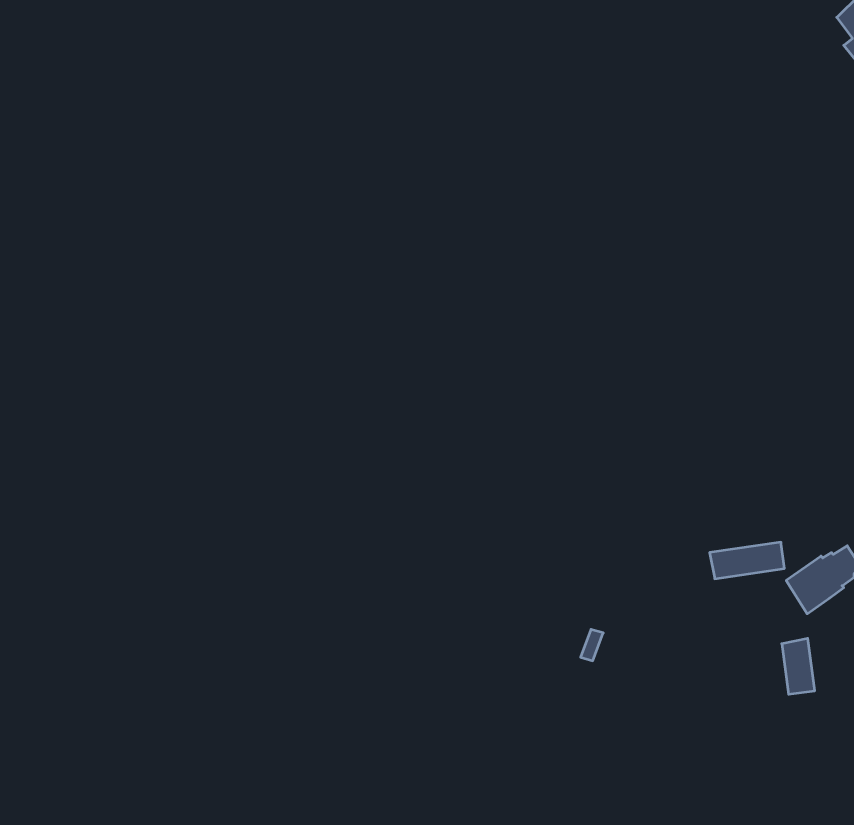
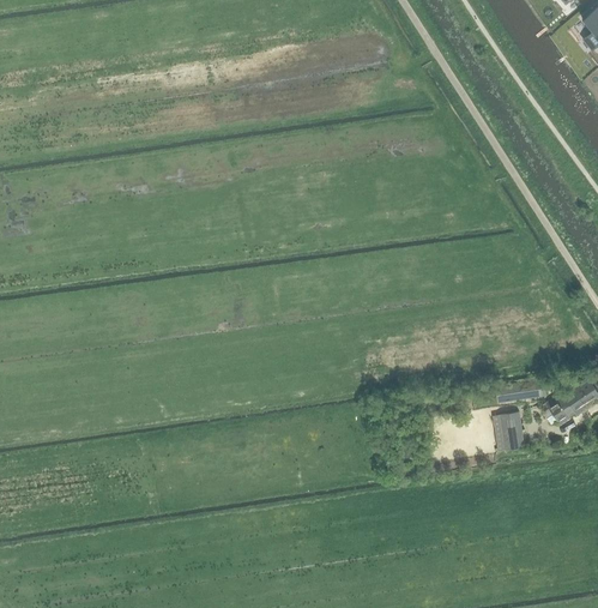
building: [782,638,815,694] -> [500,413,523,451]

